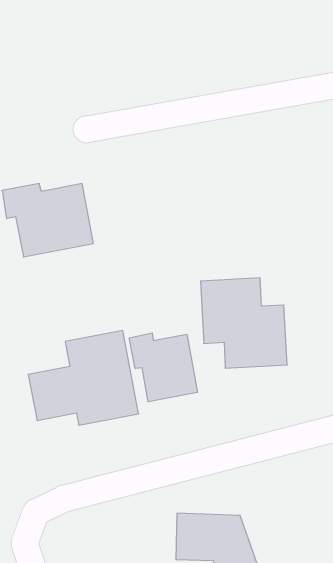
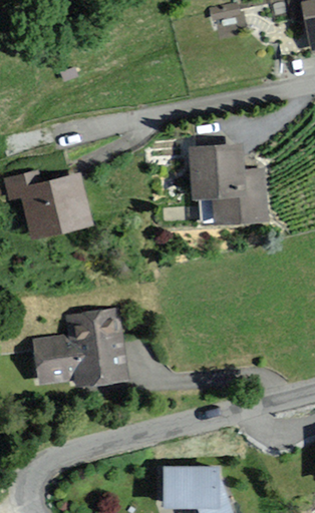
building: [200,278,287,368] -> [192,143,269,223]
building: [129,333,198,402] -> none

